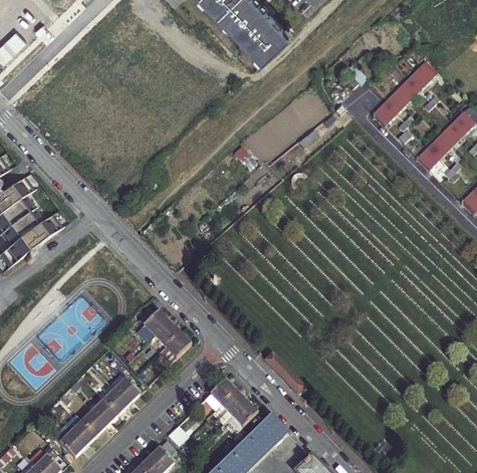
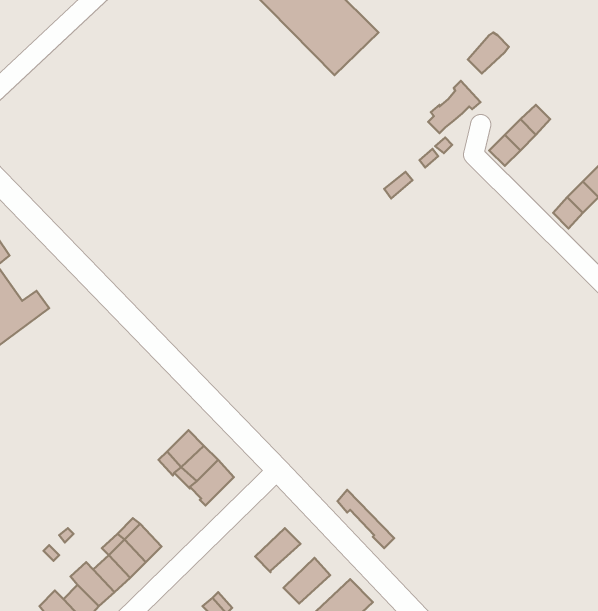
building: [405,62,434,91] -> [468,32,509,74]
building: [217,392,248,422] -> none

